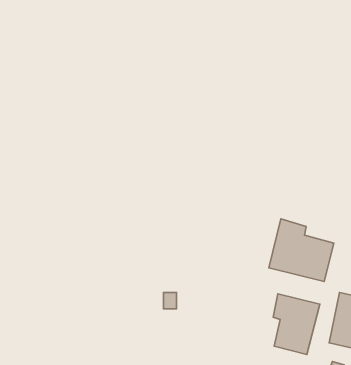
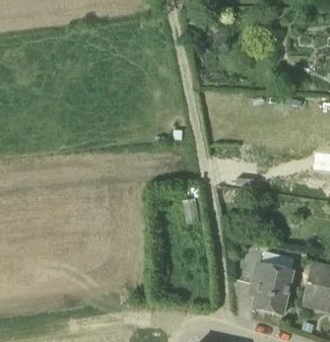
building: [269,219,334,281] -> none

